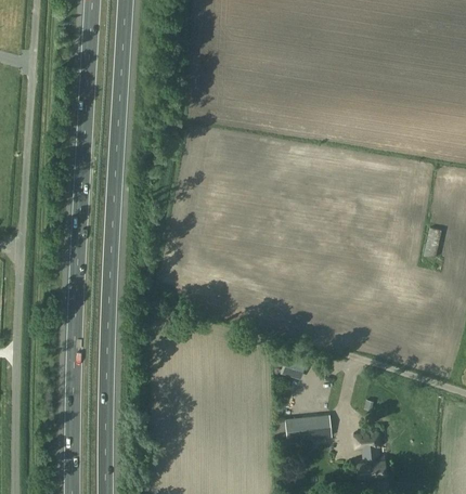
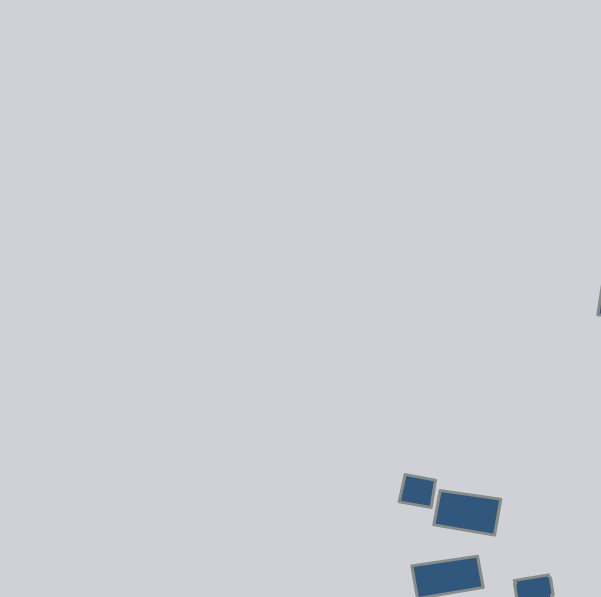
building: none -> [434,490,501,535]

